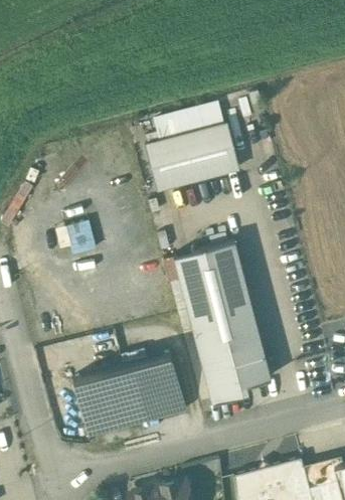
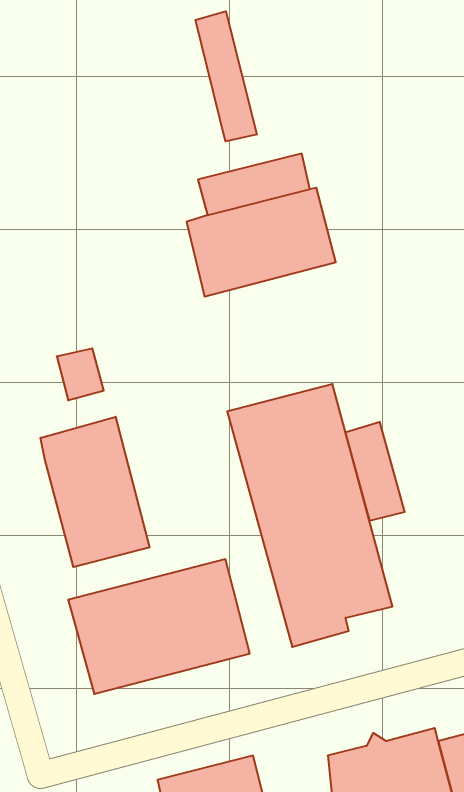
building: none -> [196,11,257,141]
building: none -> [40,417,149,567]
building: none -> [346,422,405,521]

